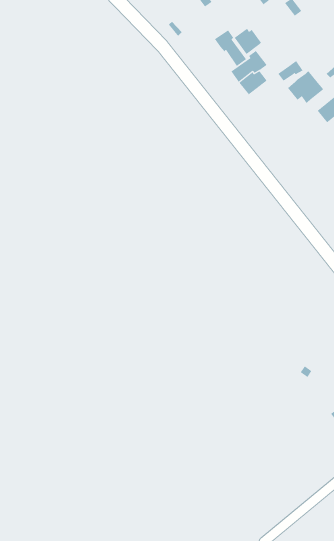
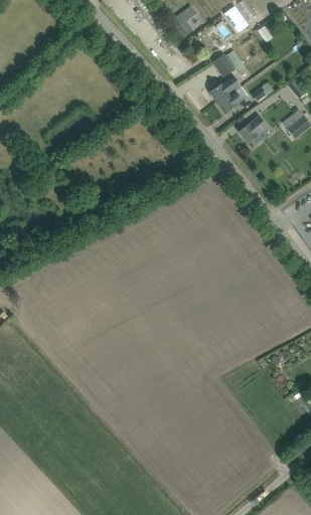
building: [214,30,247,67] -> none
building: [287,70,324,104] -> [239,115,272,145]

